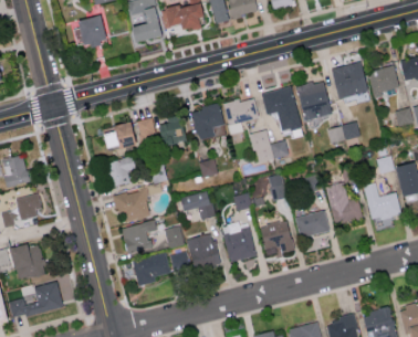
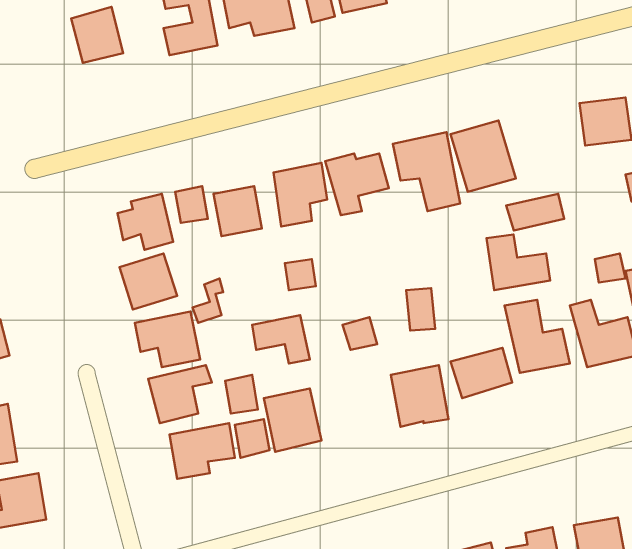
building: [331,61,368,102] -> none
building: [252,130,289,162] -> [486,234,550,290]
building: [224,222,257,262] -> none

